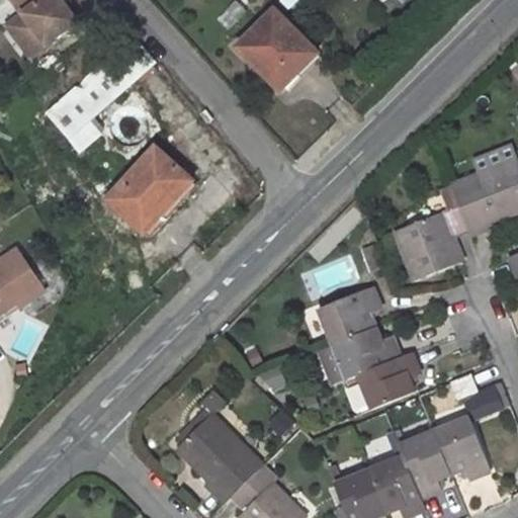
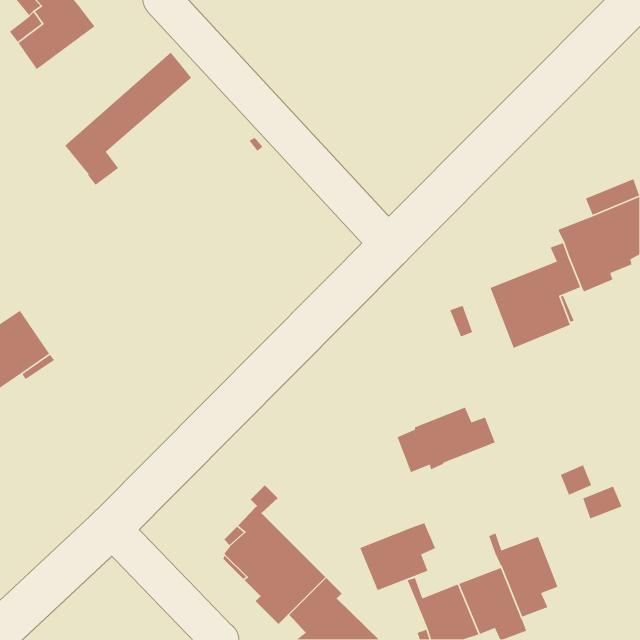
building: [238,10,317,89] -> none
building: [106,147,192,233] -> none
building: [319,287,380,344] -> none
building: [358,353,420,409] -> [359,522,436,591]
building: [434,418,491,479] -> none

